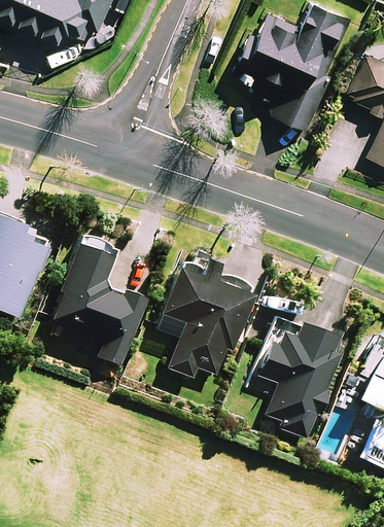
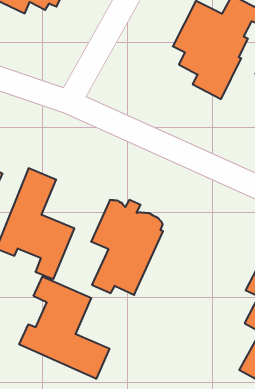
building: [256,319,343,437] -> none
building: none -> [19,277,109,379]

